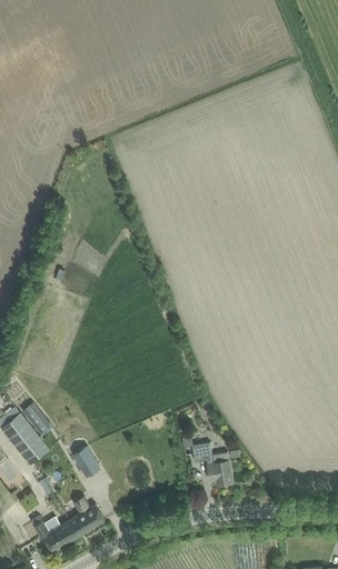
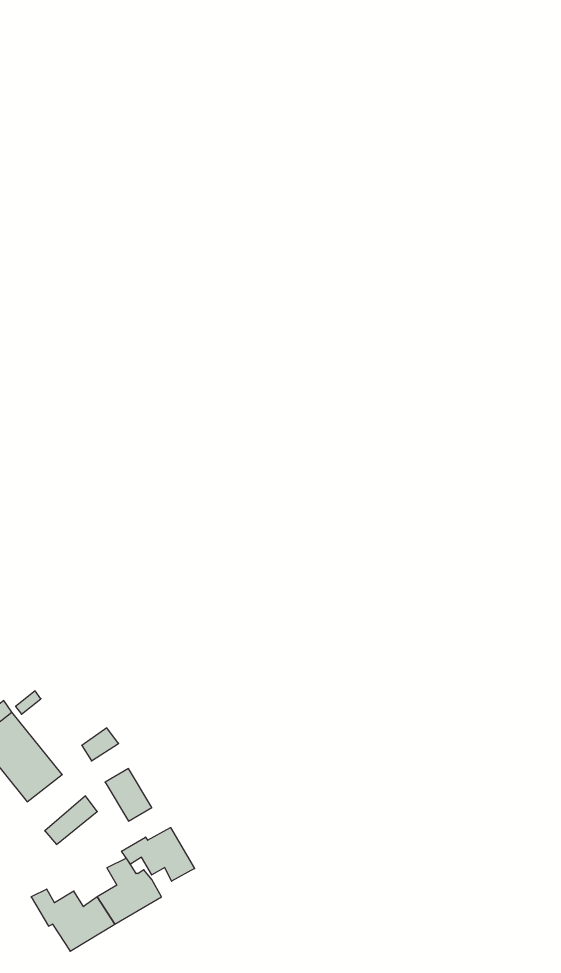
building: [192,442,233,485] -> none
building: none -> [122,828,195,881]

